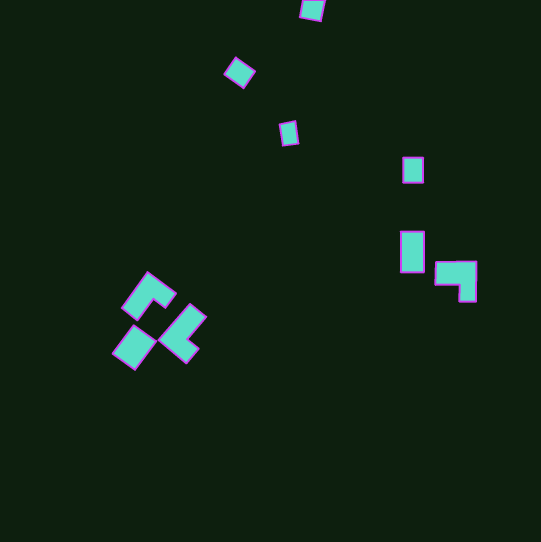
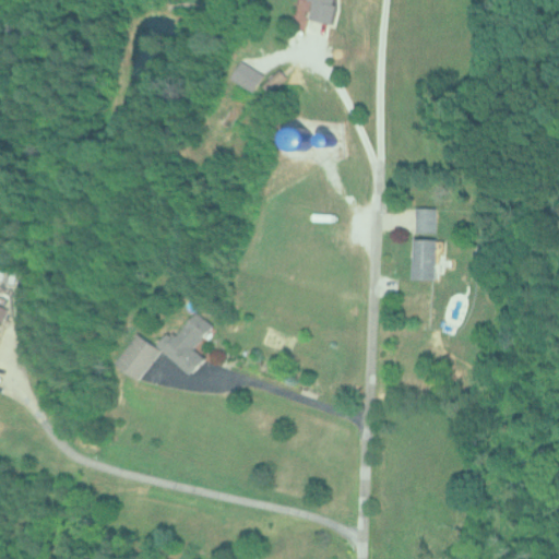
building: [403,158,423,182] -> [415,209,436,234]
building: [436,261,476,302] -> none
building: [122,272,176,320] -> none

